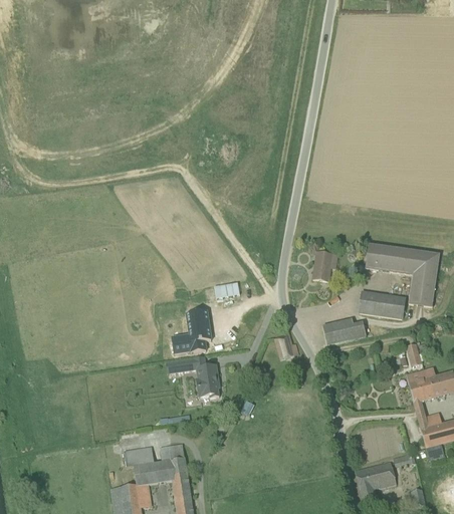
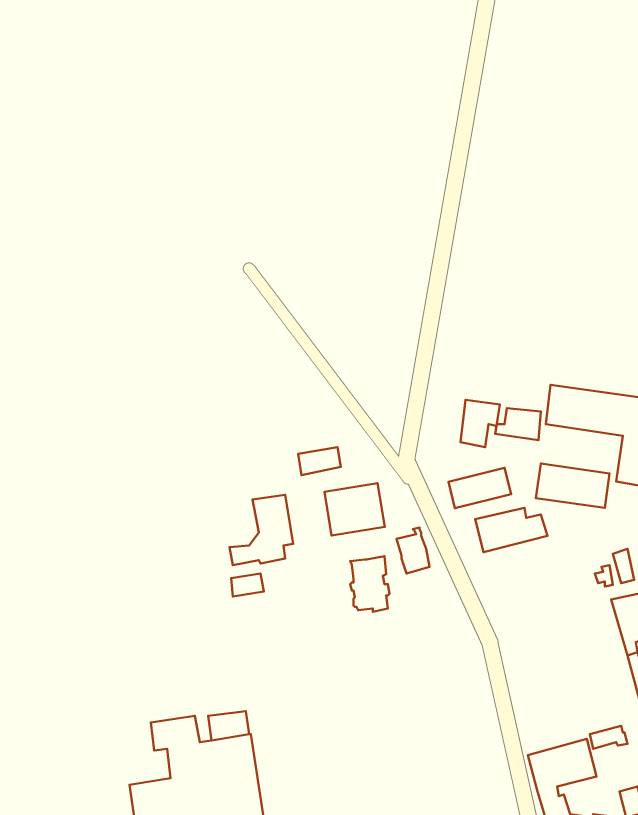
building: none -> [495,408,541,440]
building: none -> [448,468,511,508]
building: none -> [324,483,385,536]
building: [196,363,220,398] -> [350,556,389,612]

